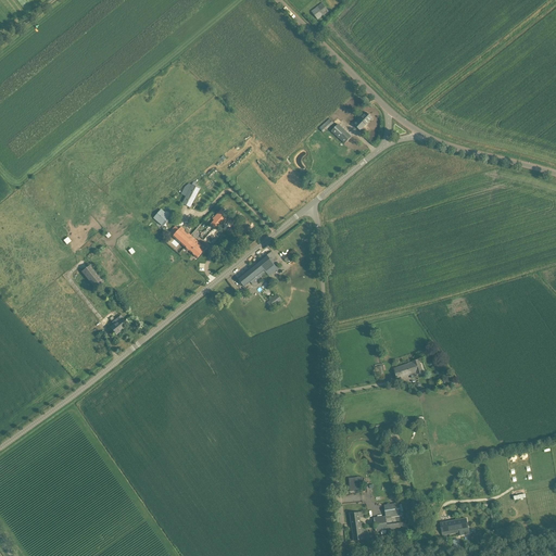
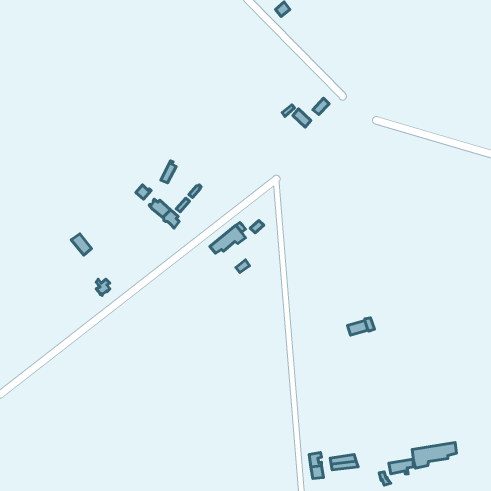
building: none -> [412,443,456,468]

